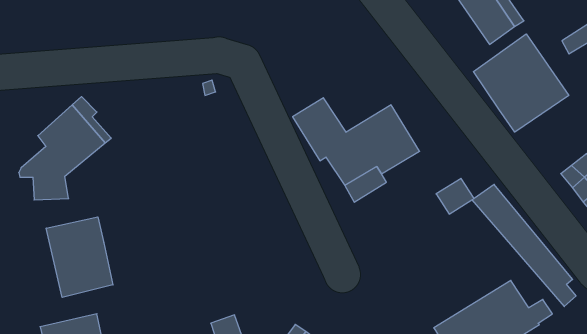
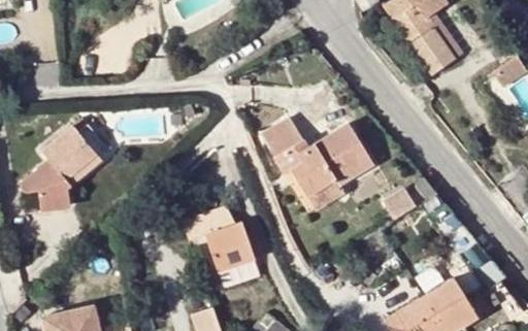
building: [473,34,569,132] -> none
building: none -> [184,207,257,272]
building: [46,217,113,297] -> none

